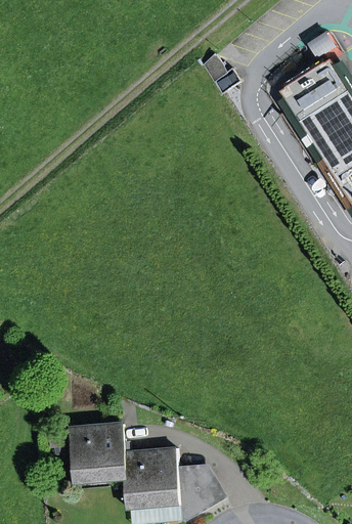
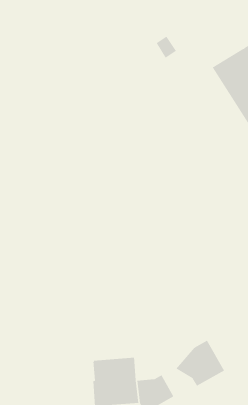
building: [49,423,127,480] -> none
building: none -> [176,340,225,387]

